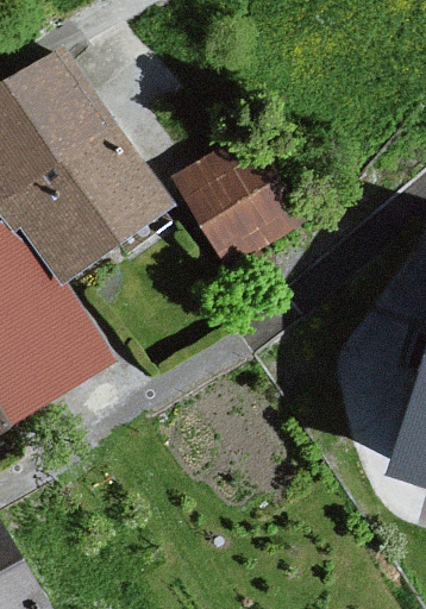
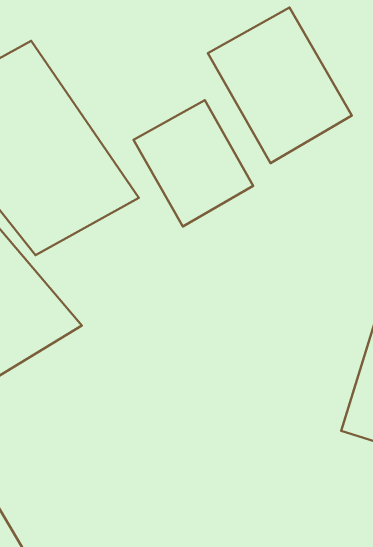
building: none -> [208,8,352,163]

